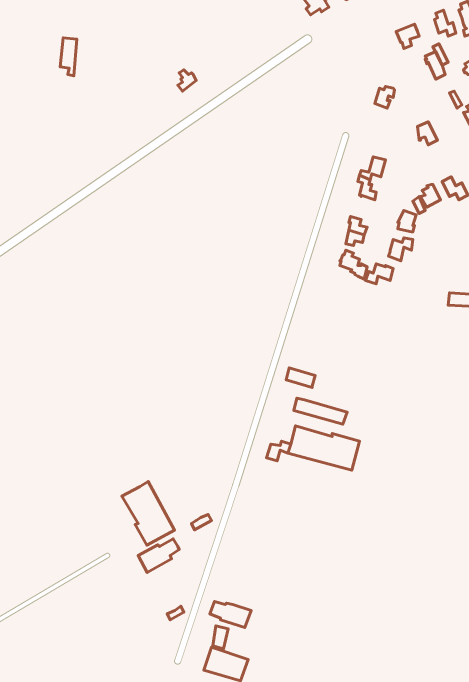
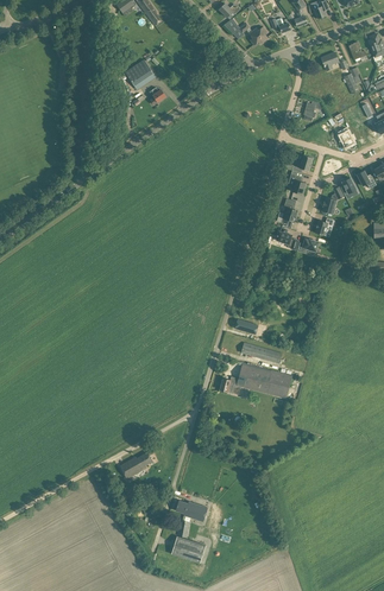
building: none -> [125,58,156,89]
building: [122,481,175,545] -> none

